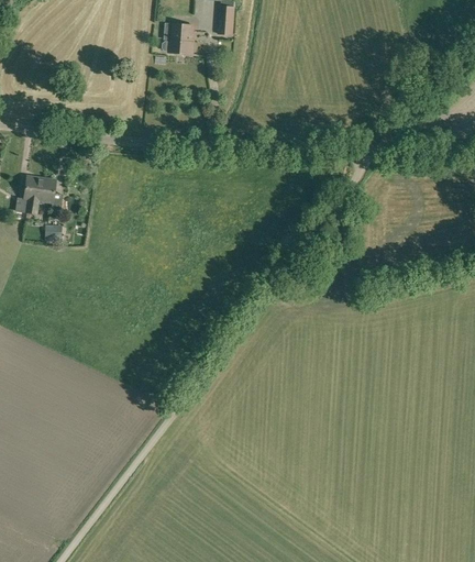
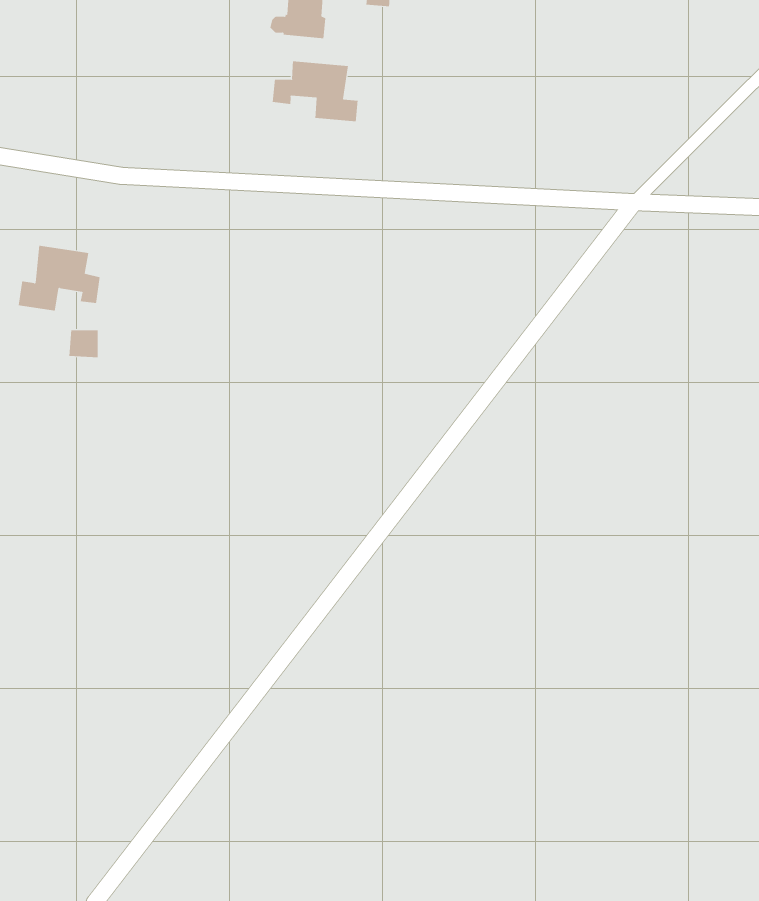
building: none -> [272,61,358,122]

